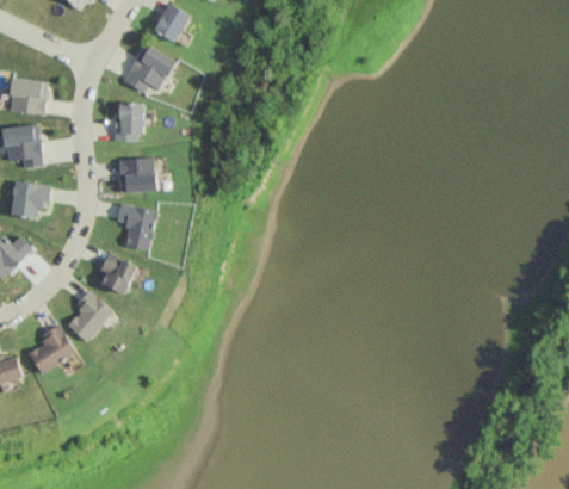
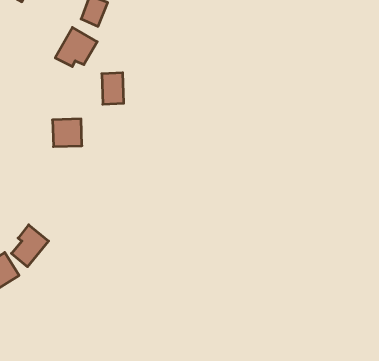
building: [113,103,141,142] -> [102,73,124,104]
building: [116,203,157,250] -> none
building: [99,252,137,293] -> none

